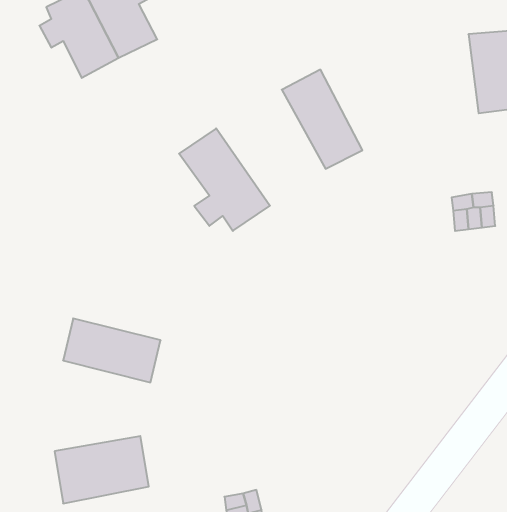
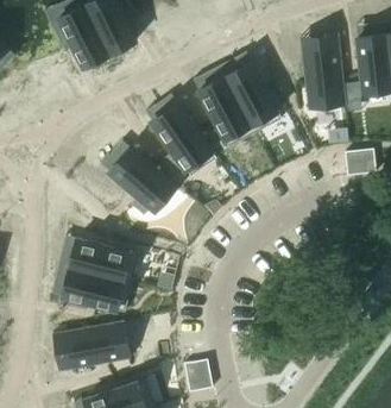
building: none -> [301,43,343,109]
building: none -> [197,75,254,145]
building: none -> [109,147,175,214]
building: none -> [62,266,131,310]

